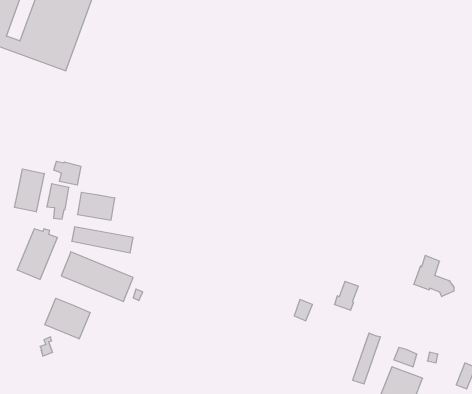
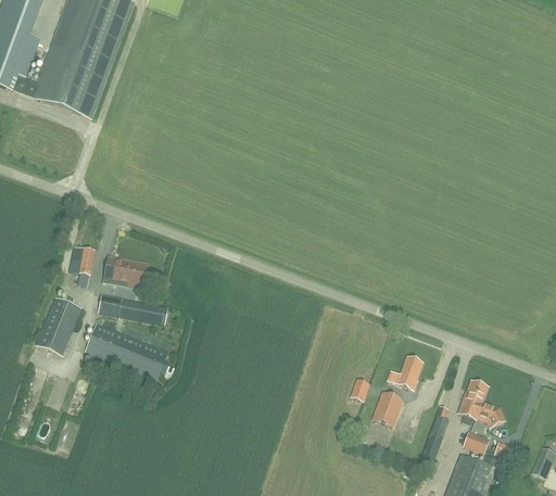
building: [54,161,81,185] -> none
building: [15,169,44,212] -> none
building: [414,255,454,297] -> [458,380,504,427]
building: [45,298,90,339] -> none
building: none -> [372,392,403,427]

